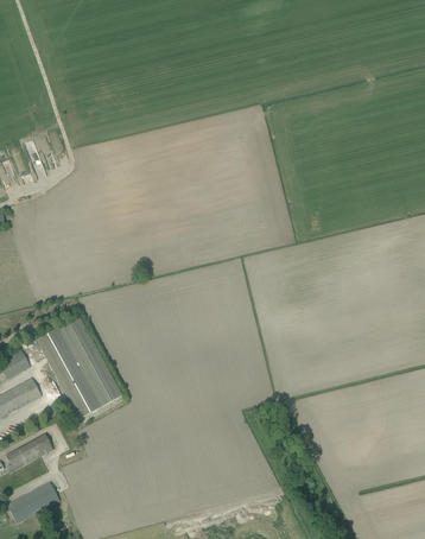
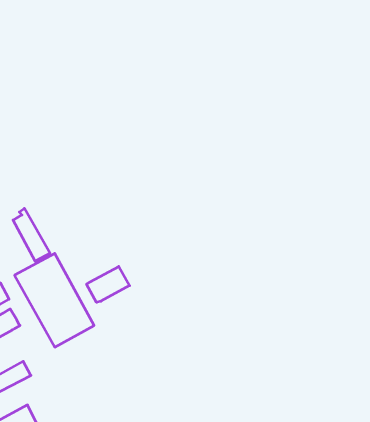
building: none -> [13,208,50,261]
building: none -> [87,266,130,302]

